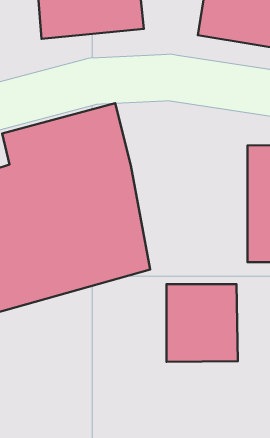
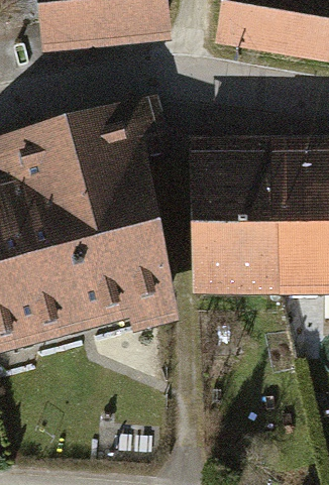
building: none -> [197,160,277,289]
building: [167,284,238,362] -> none

